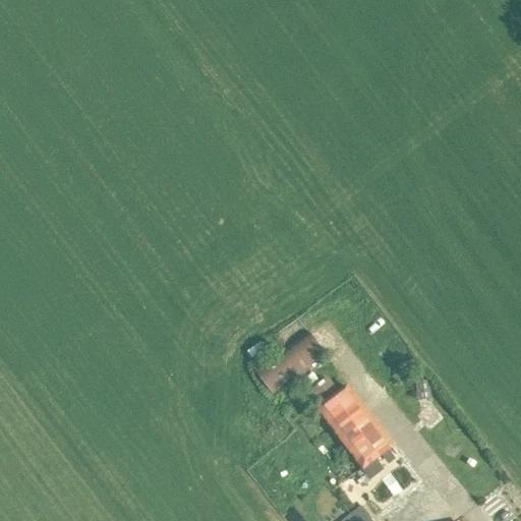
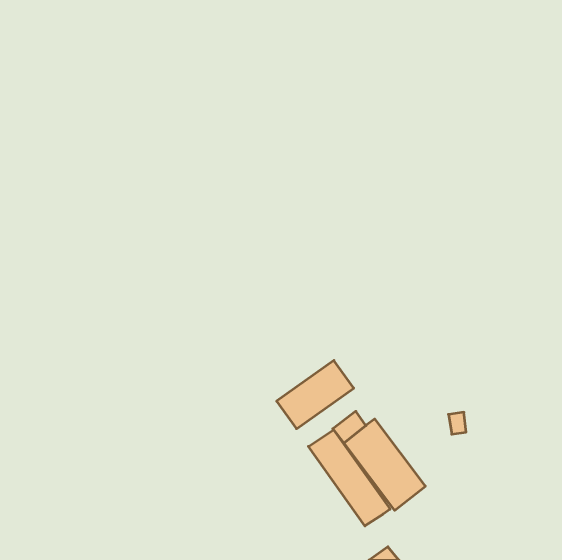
building: none -> [308,430,390,526]

